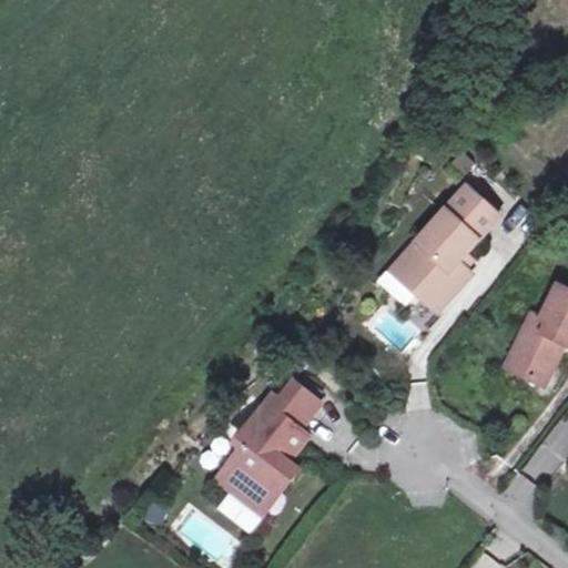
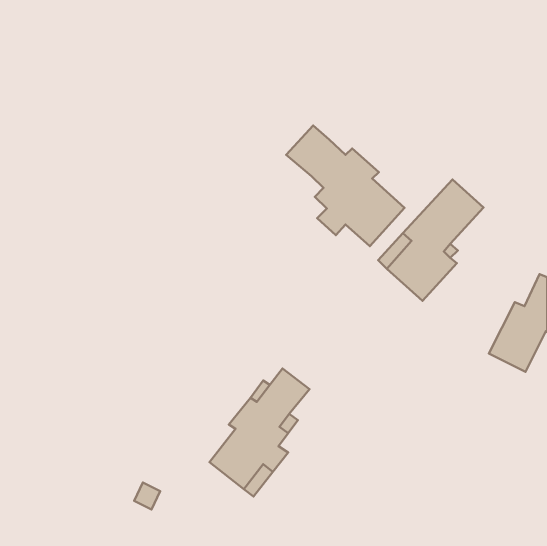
building: none -> [286,125,404,246]

